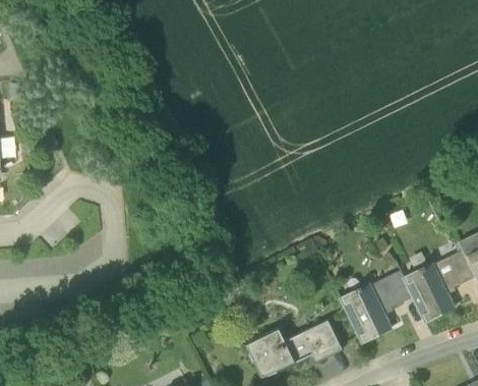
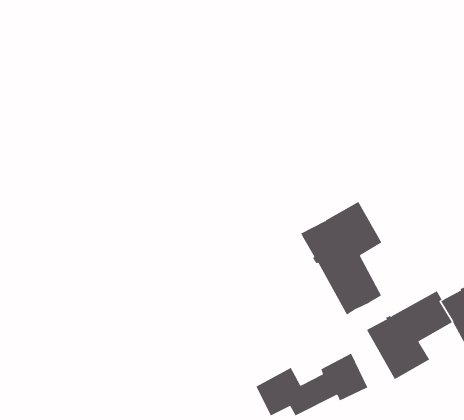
building: none -> [300,201,382,315]

